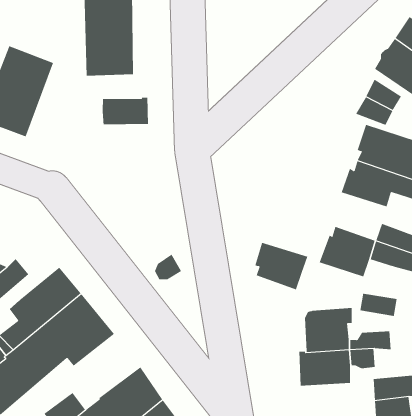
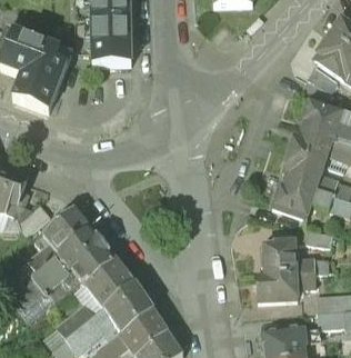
building: [102,97,148,125] -> none
building: [254,242,308,290] -> [283,151,324,188]
building: none -> [84,259,136,308]

